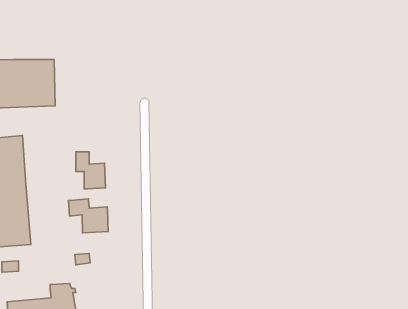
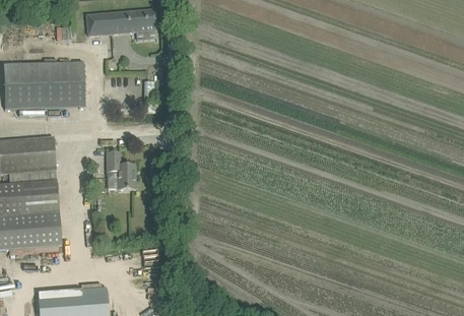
building: none -> [85,6,155,36]
building: [68,199,108,233] -> none

